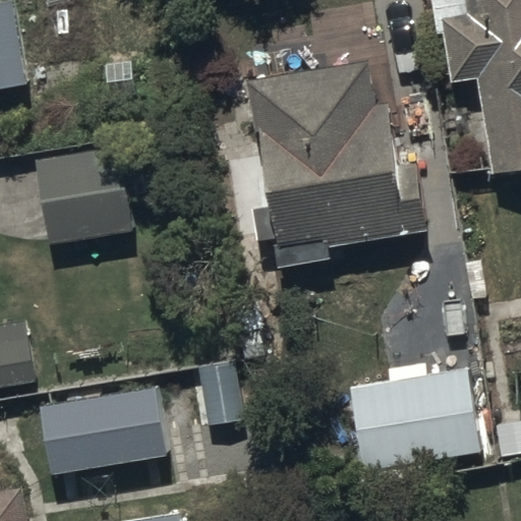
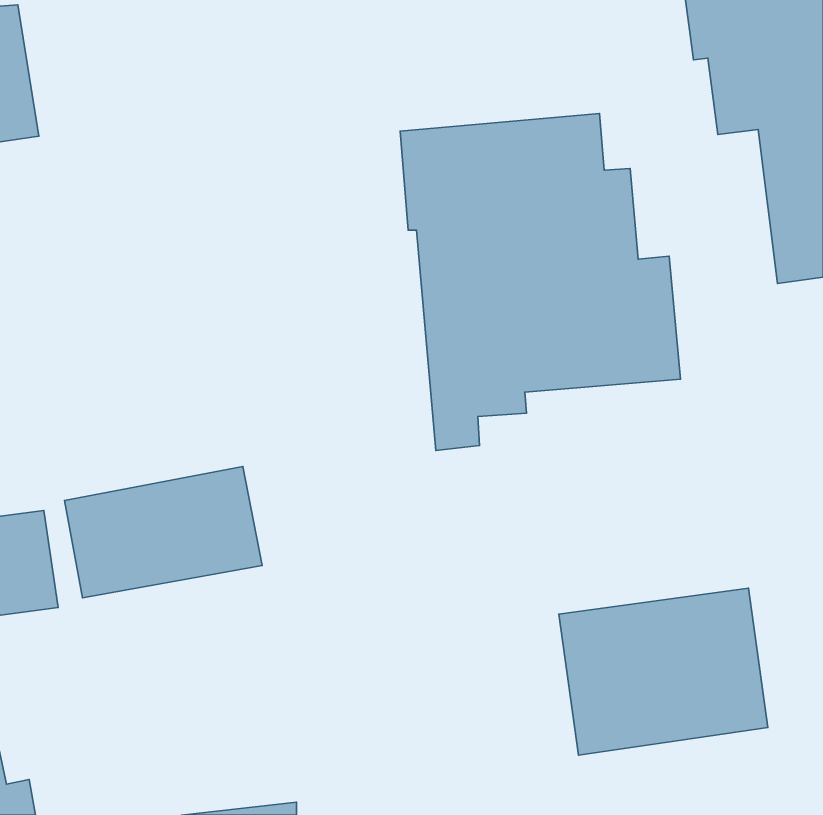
building: [36,144,135,243] -> none
building: [41,379,165,461] -> [65,467,262,598]

